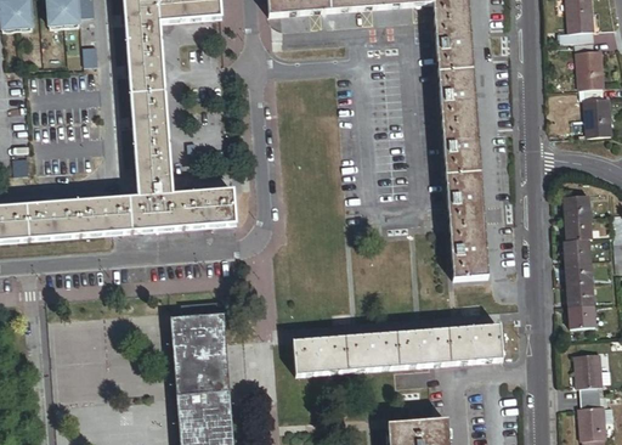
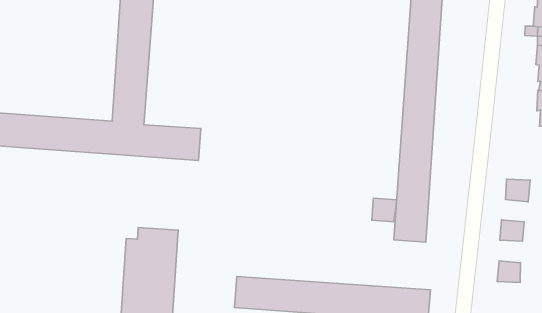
building: [565,216,592,240] -> none
building: none -> [372,198,397,222]
building: [565,259,590,283] -> none
building: [569,303,594,327] -> none

